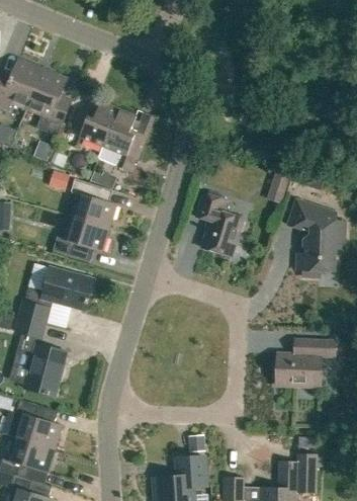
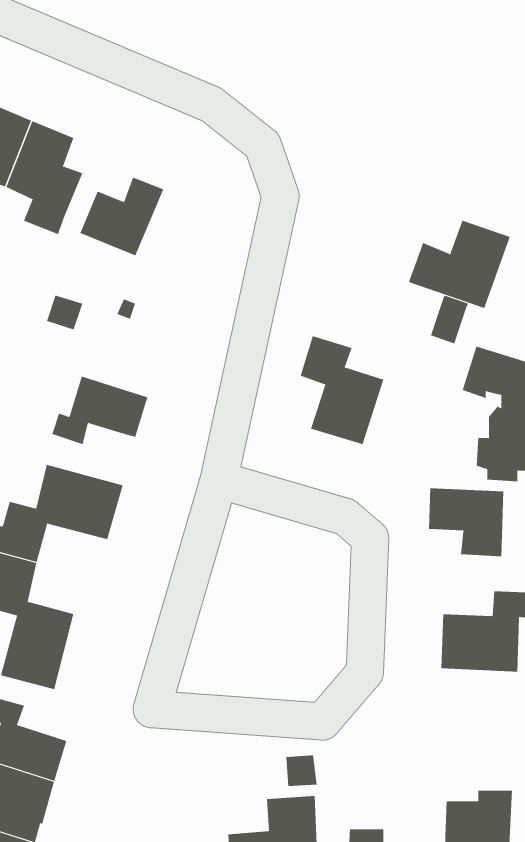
building: [98,109,147,173] -> none
building: none -> [408,220,510,309]
building: [70,179,116,229] -> none
building: none -> [428,488,504,557]

